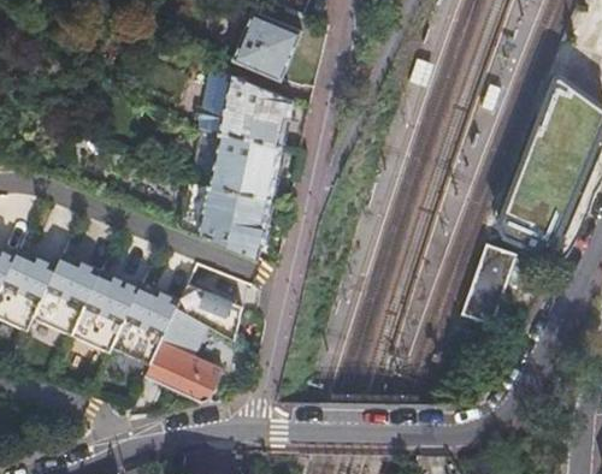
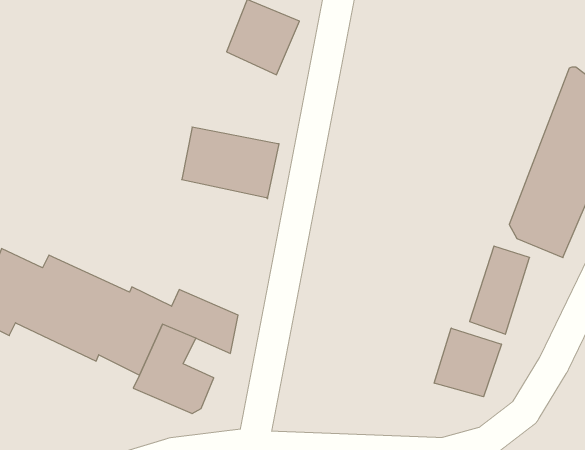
building: [199,65,290,144] -> none
building: [178,178,270,257] -> none
building: none -> [434,328,501,397]

